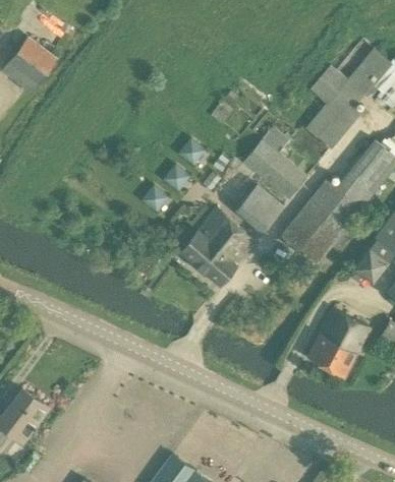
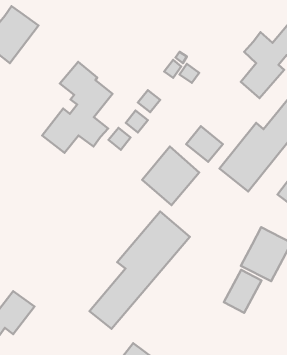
building: none -> [42,62,112,153]
building: [242,126,306,200] -> none
building: none -> [90,211,190,329]
building: none -> [224,270,261,313]

